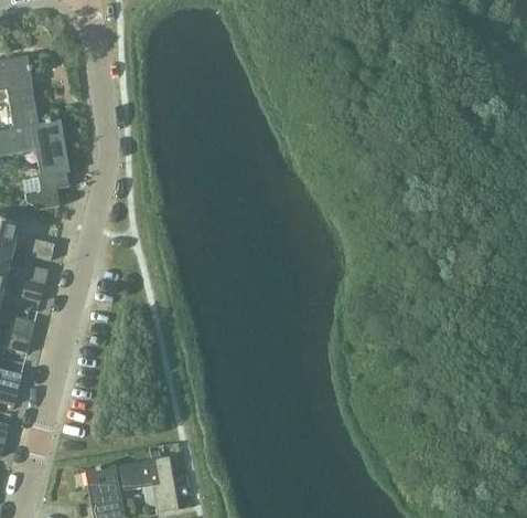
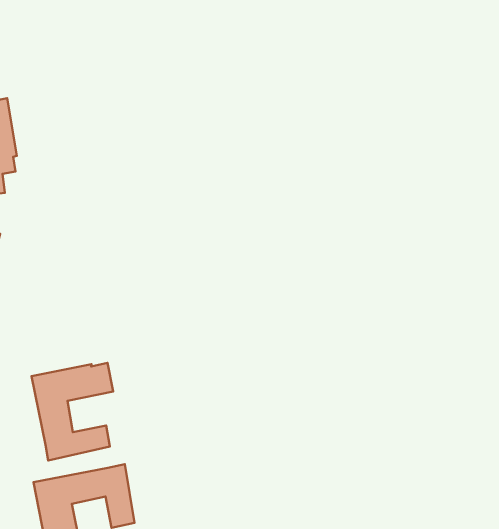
building: none -> [32,363,113,461]

